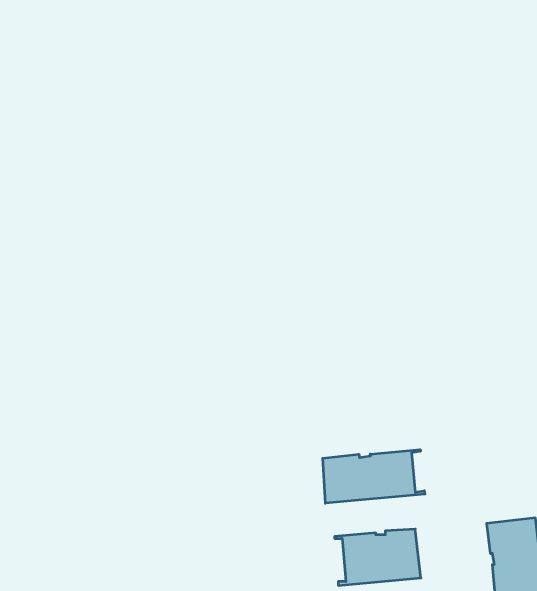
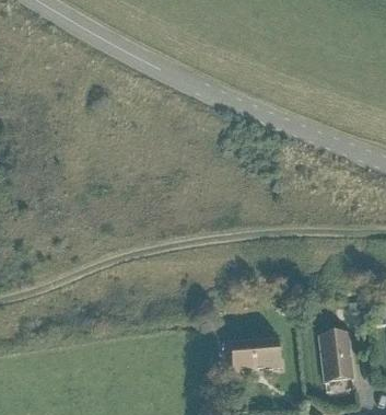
building: [323,450,425,503] -> none

